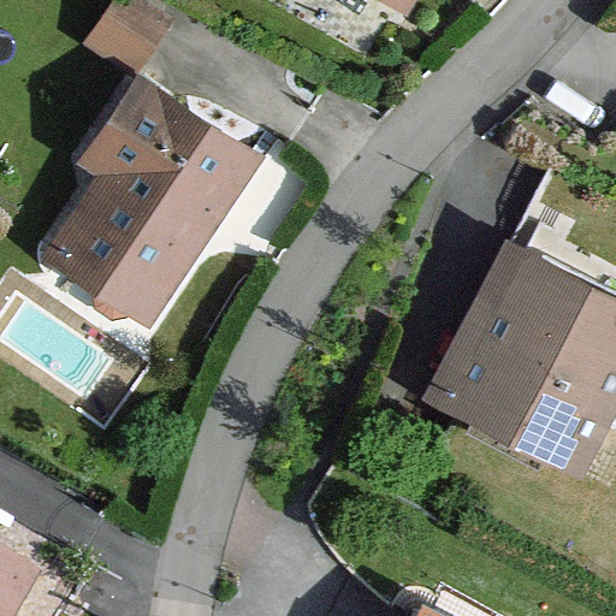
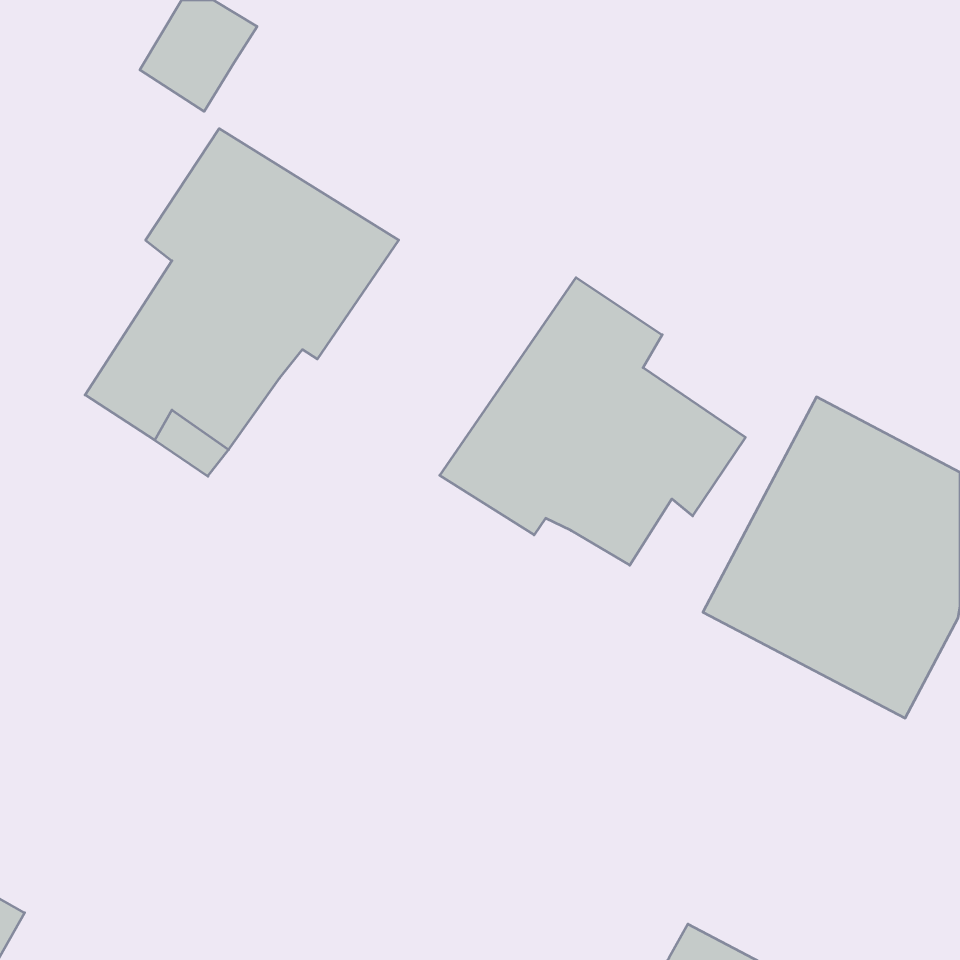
building: none -> [440,278,745,565]

